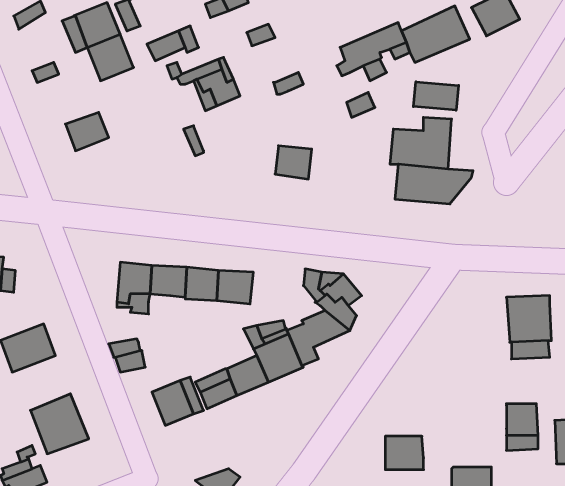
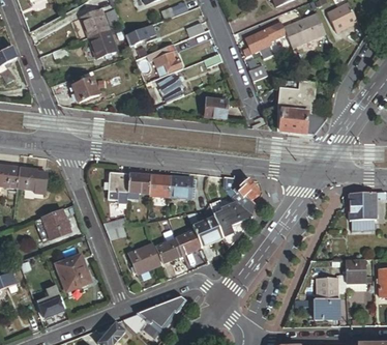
building: [413,82,459,110] -> none
building: none -> [159,74,184,100]
building: [385,436,424,470] -> [316,278,339,298]

